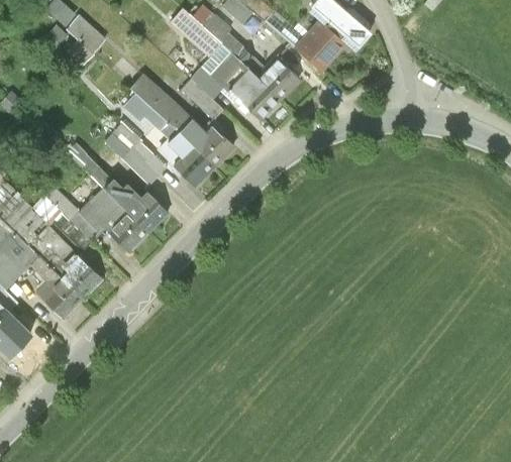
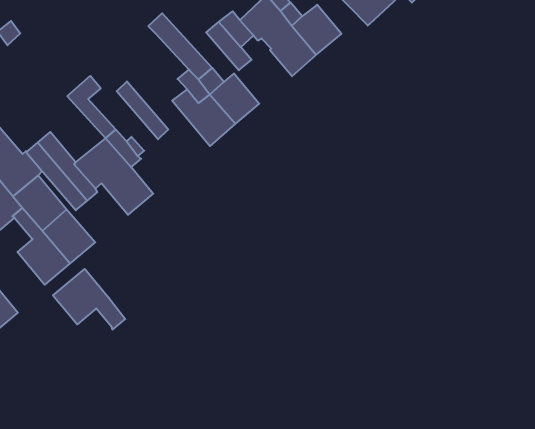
building: [125,93,169,130] -> none
building: [112,122,169,175] -> none
building: [126,190,167,231] -> none
building: none -> [53,269,125,330]

